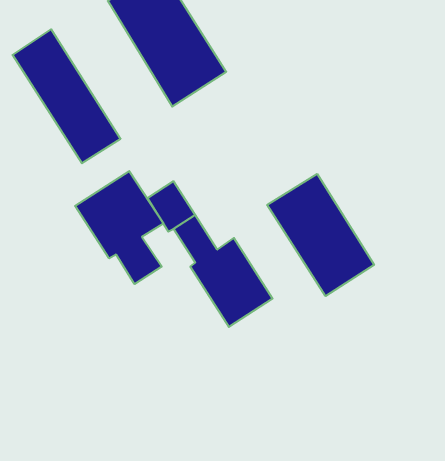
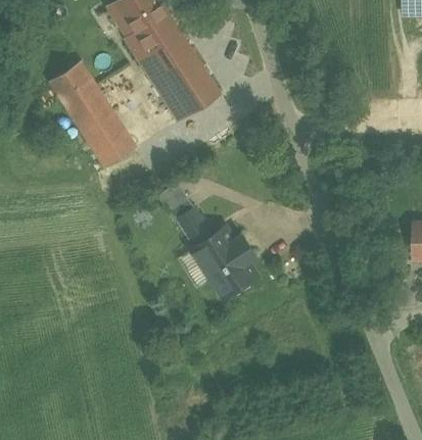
building: [75,171,163,284] -> none
building: [267,174,374,296] -> none

